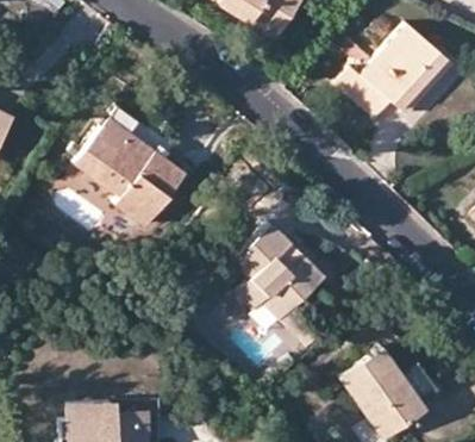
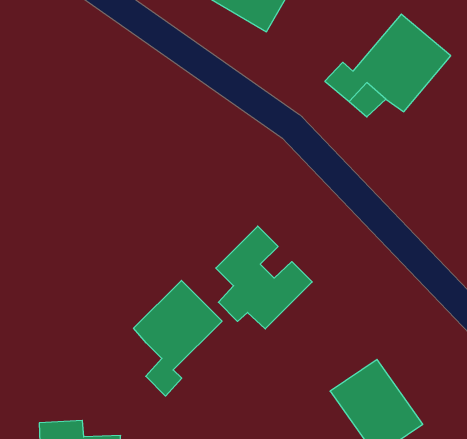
building: [74,97,185,225] -> none
building: none -> [134,280,222,396]

